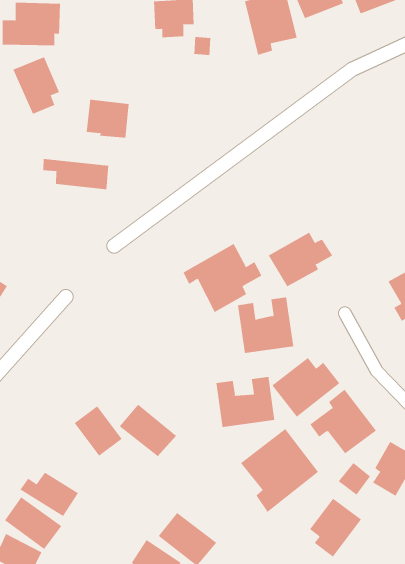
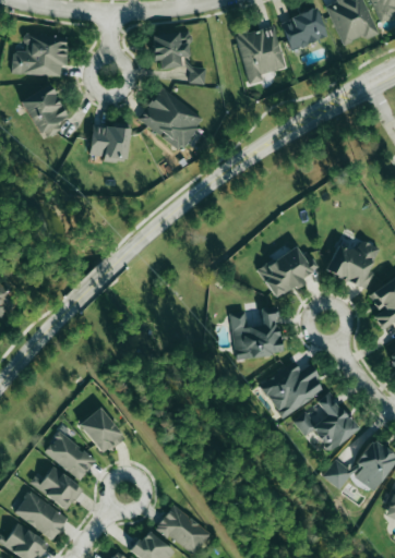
building: none -> [137,87,204,150]
building: [43,158,109,190] -> none
building: none -> [326,240,379,288]
building: [183,243,262,313] -> none
building: [216,376,275,428] -> none
building: [119,404,177,457] -> [43,430,96,480]
building: [240,428,319,513] -> none
building: [309,498,362,557] -> none

